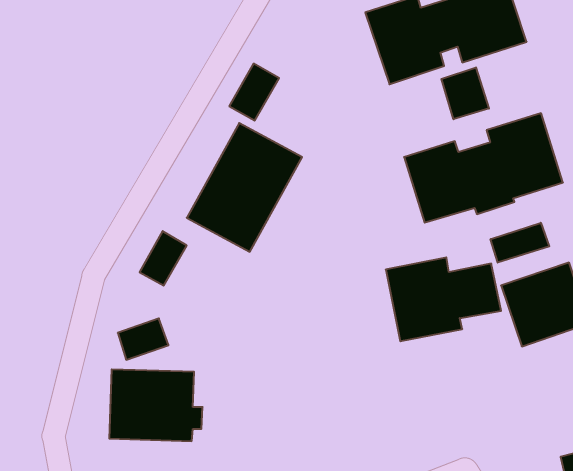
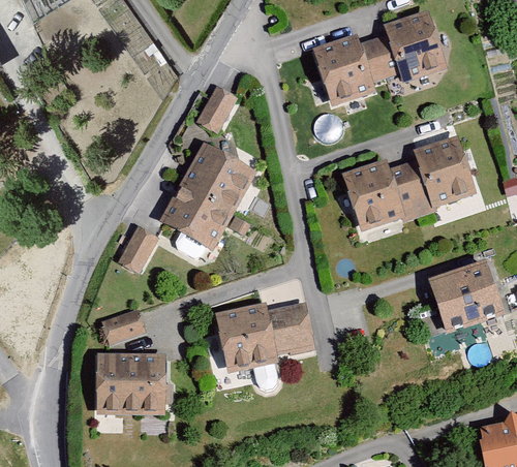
building: [441,67,489,119] -> none
building: [491,223,549,263] -> none
building: [386,257,501,341] -> [214,301,312,372]

